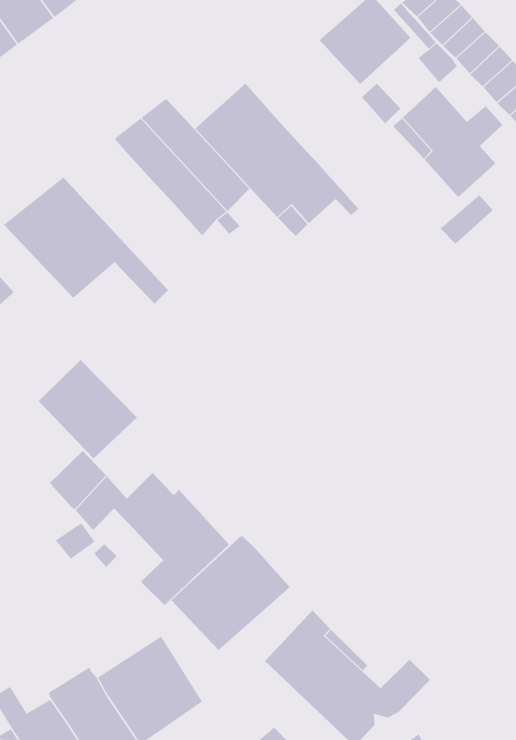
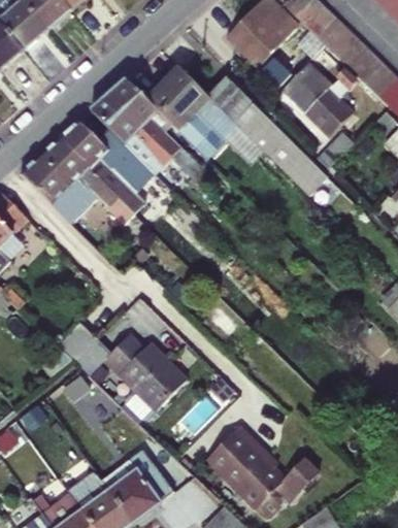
building: none -> [207,77,327,196]
building: none -> [58,120,144,211]
building: [38,359,138,459] -> none
building: [170,535,291,651] -> none

